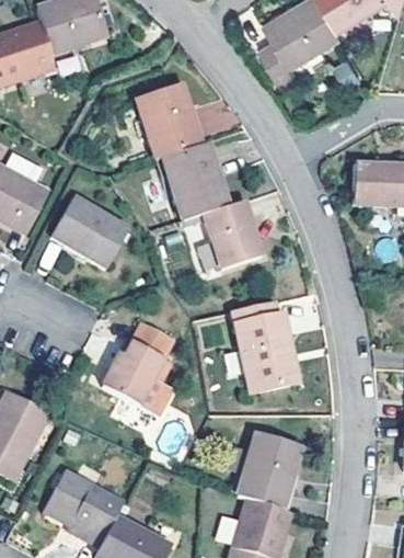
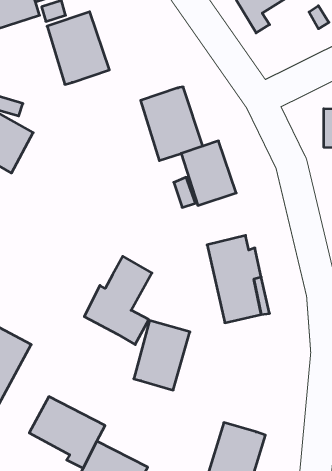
building: [136,82,201,159] -> [47,12,109,84]
building: [49,195,128,269] -> none
building: [242,433,301,506] -> [134,321,190,390]

